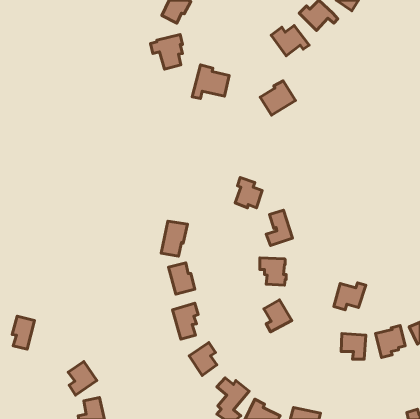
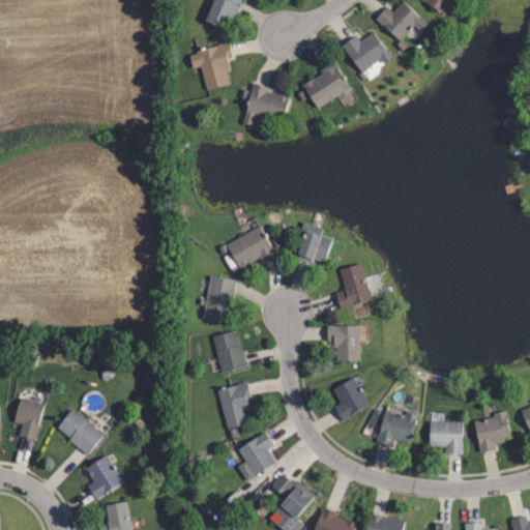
building: [260,81,295,115] -> [303,63,348,107]
building: none -> [227,227,273,269]
building: [334,283,366,310] -> [377,411,417,445]
building: none -> [58,411,101,454]

